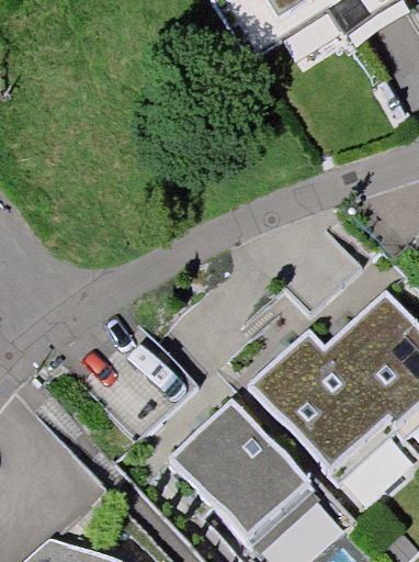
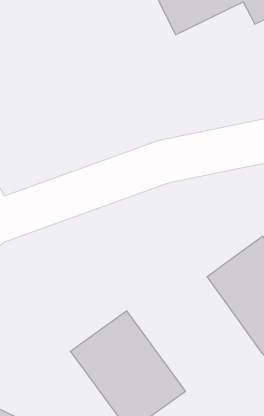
building: [250,331,400,485] -> none

